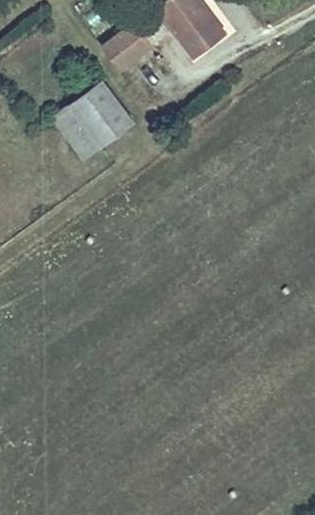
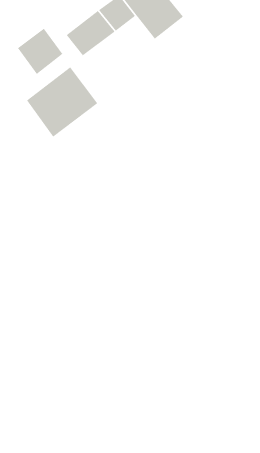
building: none -> [17,28,63,75]

